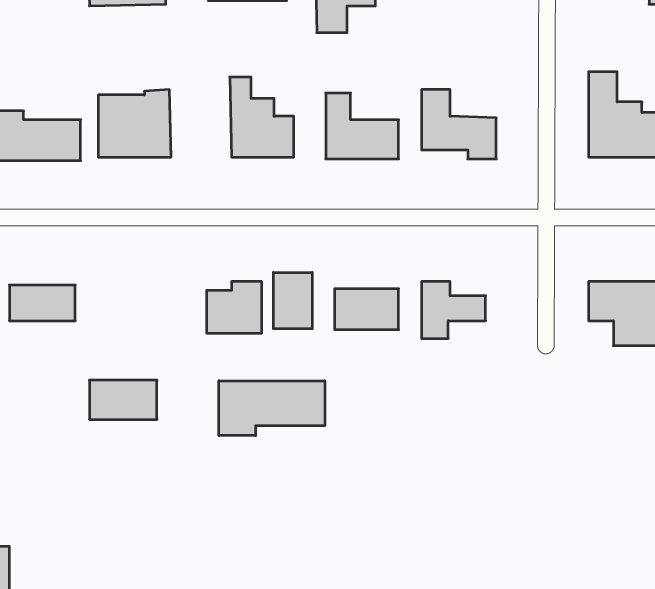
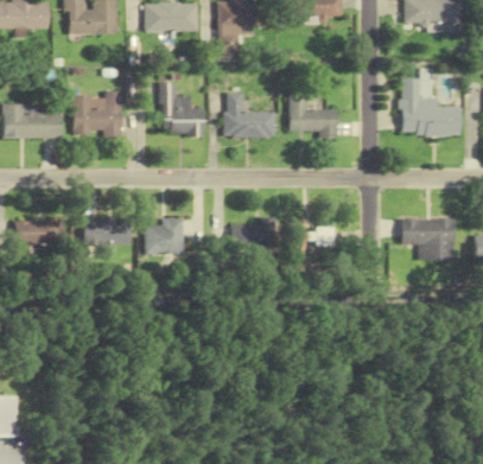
building: [273,272,312,329] -> none
building: [89,380,157,419] -> [84,218,129,244]
building: [219,381,325,436] -> none

